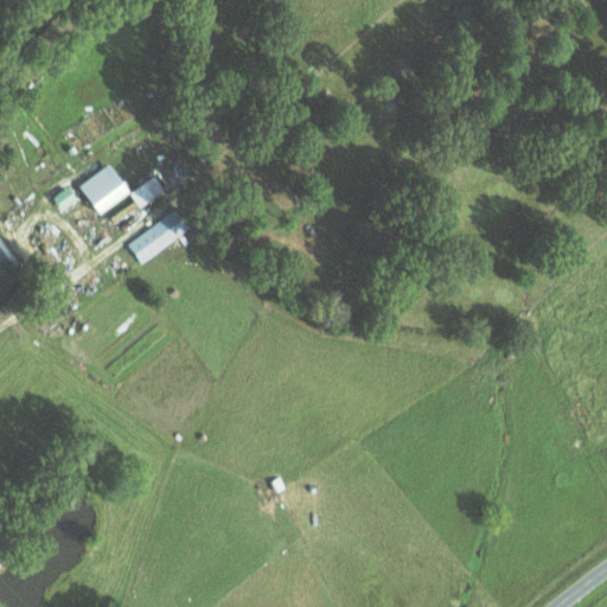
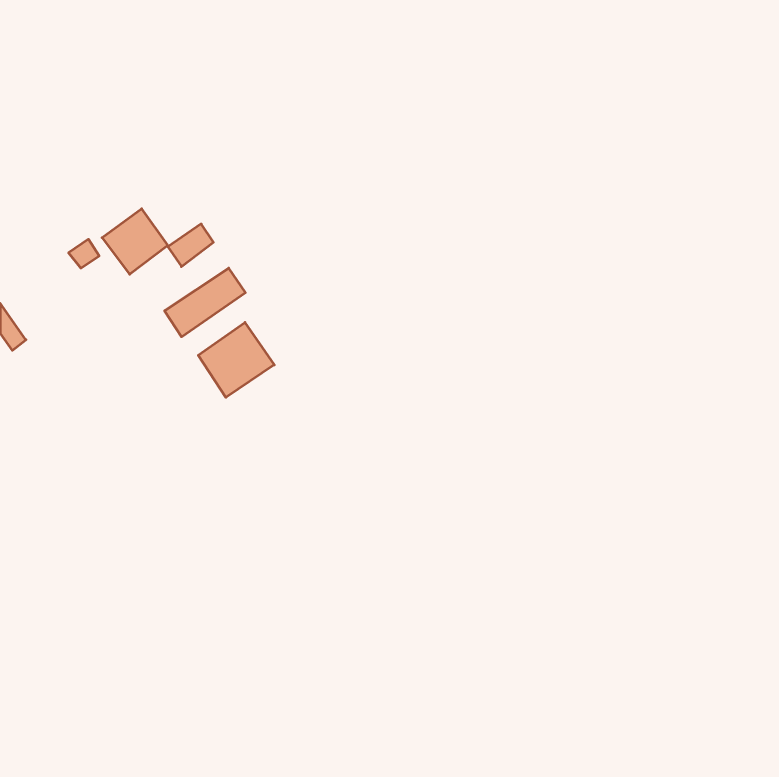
building: none -> [198,322,274,397]

